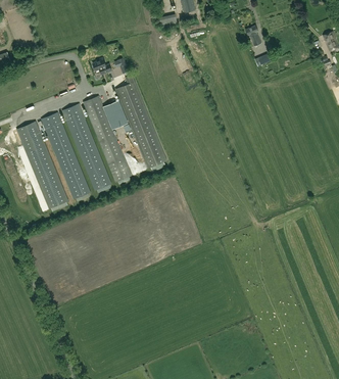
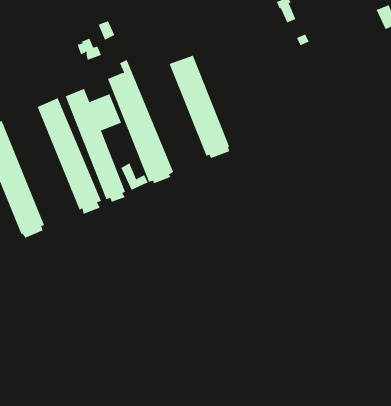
building: none -> [169,55,230,159]
building: [40,113,90,202] -> none

